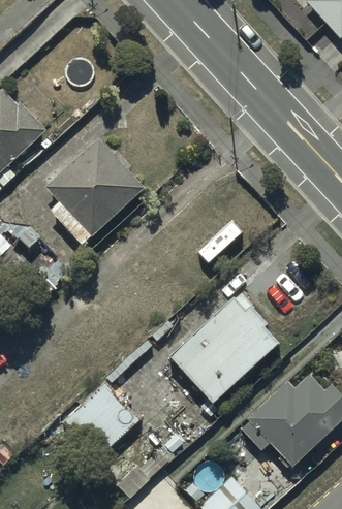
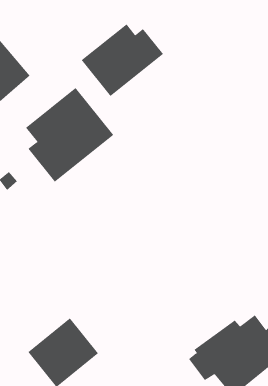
building: none -> [81,24,164,97]
building: [169,297,278,402] -> none

